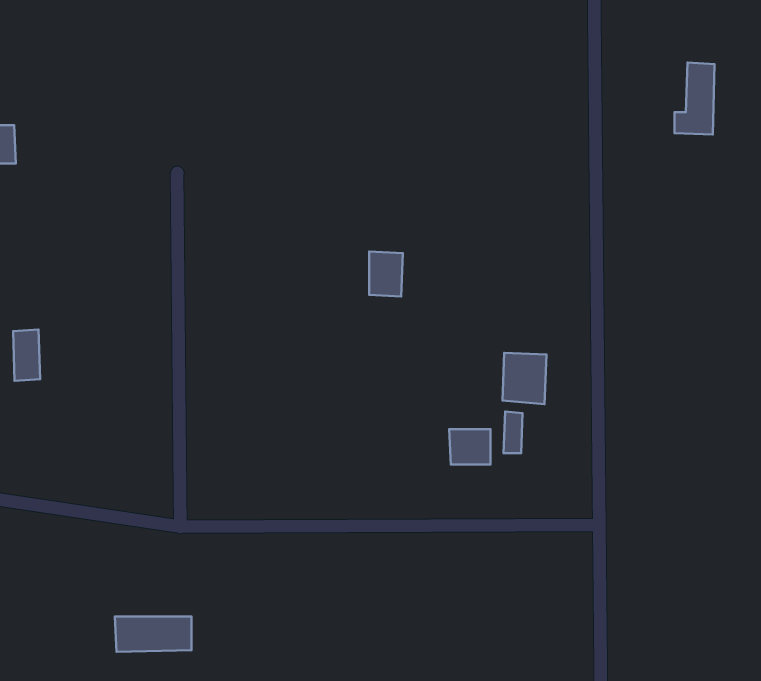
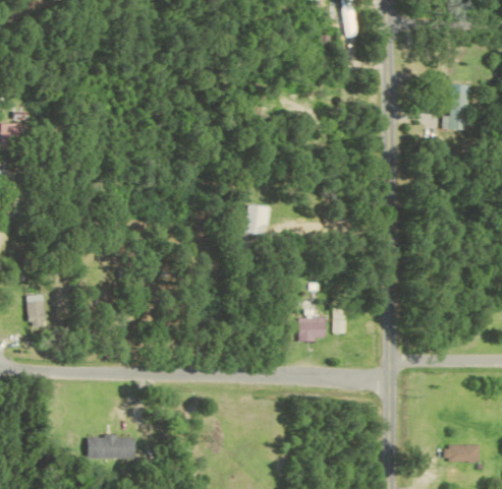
building: [13,330,40,381] -> [27,294,45,326]
building: [502,353,546,404] -> none
building: none -> [446,444,480,462]

